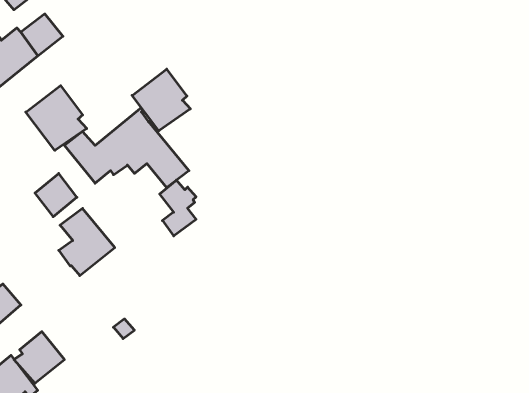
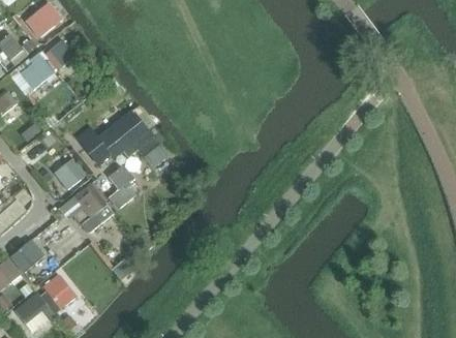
building: [132,69,190,131] -> none
building: [26,86,87,150] -> none
building: [160,180,196,236] -> [109,165,135,207]

